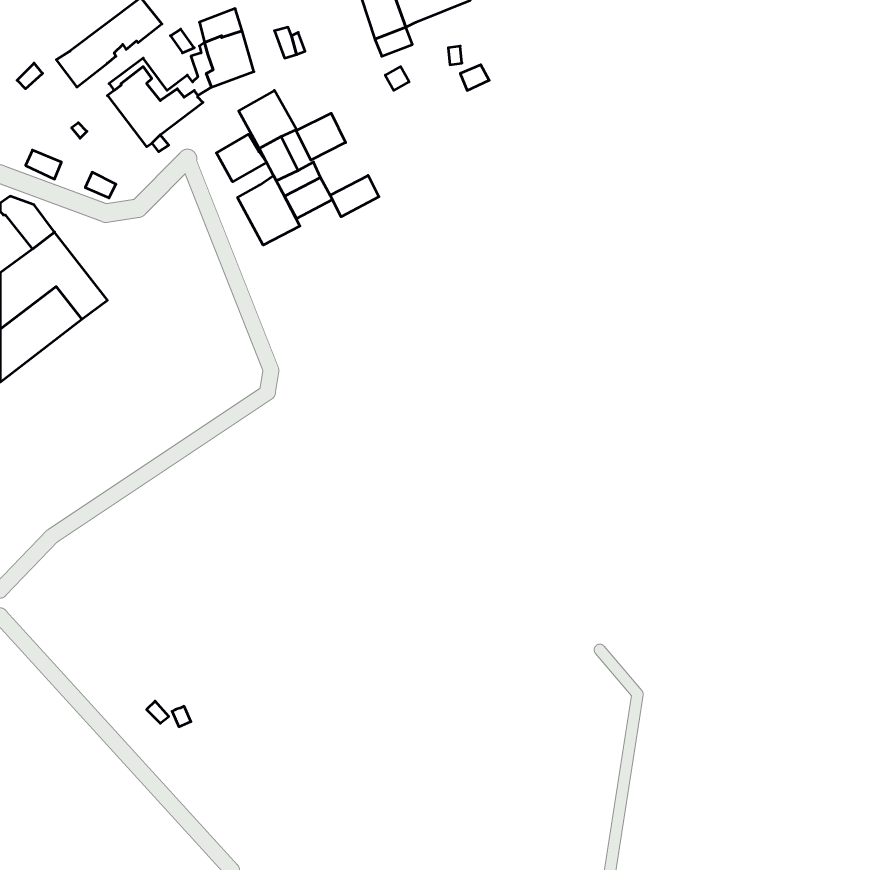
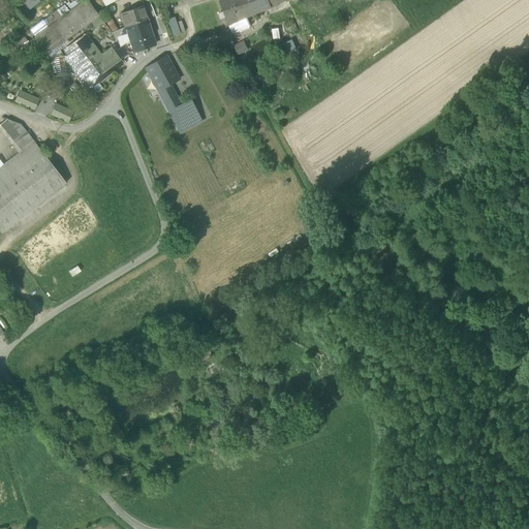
building: [296,113,346,160] -> none
building: [216,134,266,182] -> none
building: [330,175,379,217] -> none
building: [238,176,300,245] -> none

